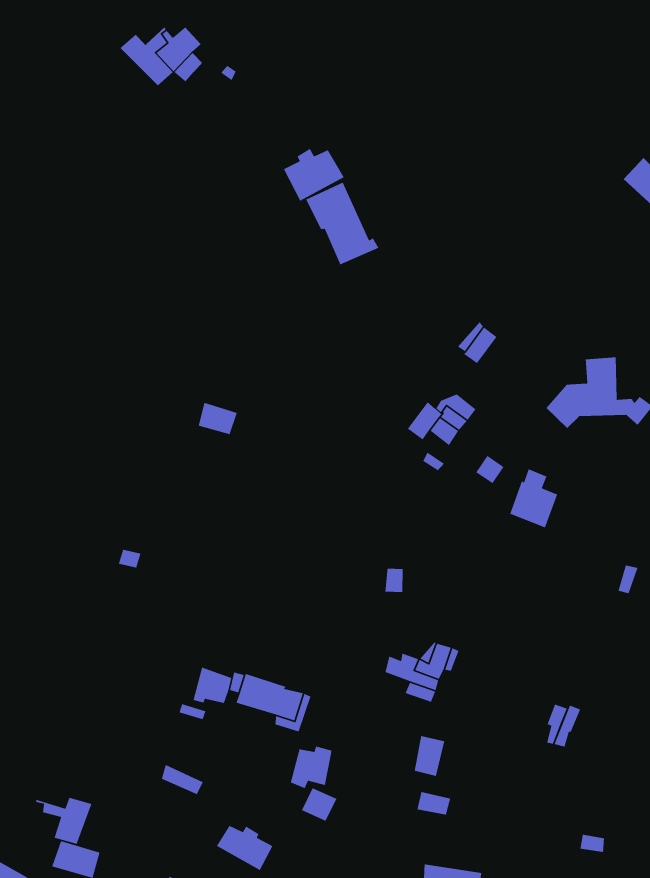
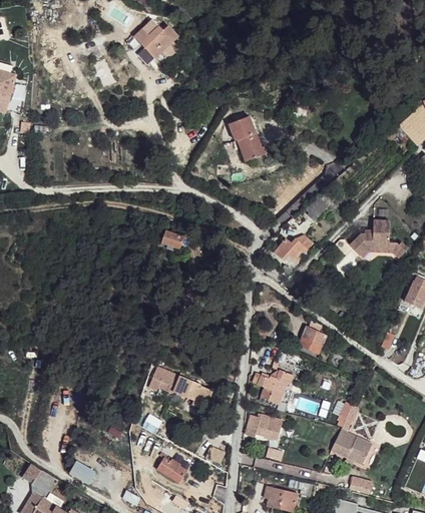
building: [283,148,345,202] -> none
building: [509,468,558,529] -> [299,321,326,354]
building: [290,746,332,789] -> [246,414,270,437]
building: none -> [331,429,371,465]
building: [36,797,92,845] -> none

